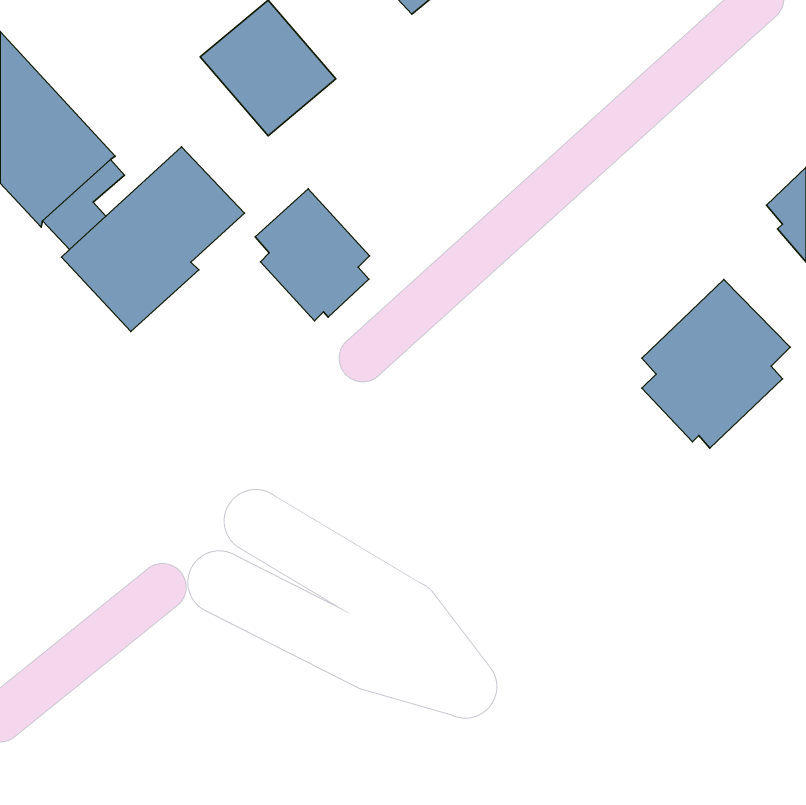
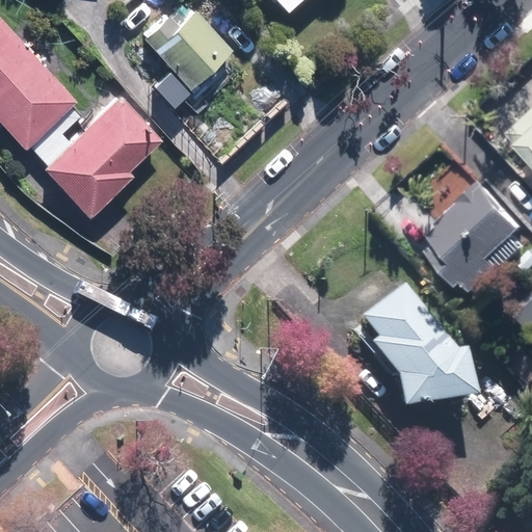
building: [255,189,370,321] -> none
building: none -> [363,277,479,404]

